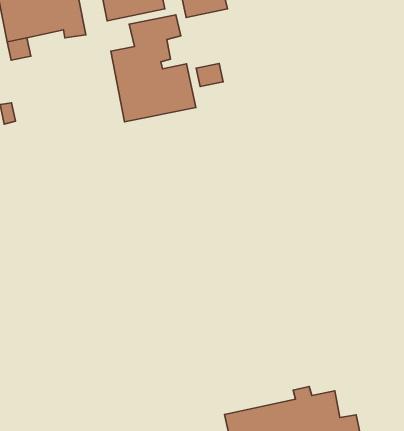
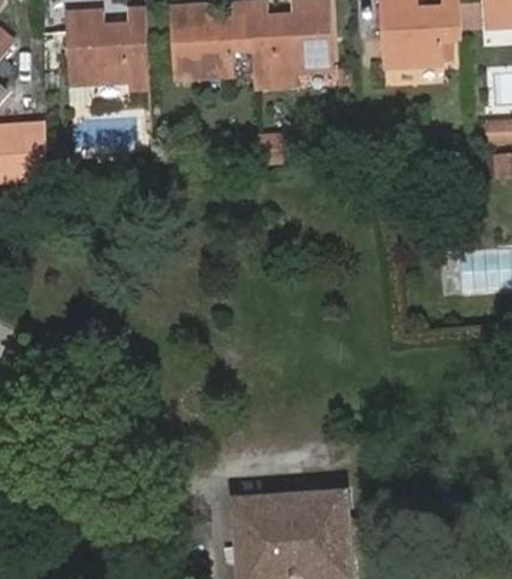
building: [111,15,196,122] -> none

